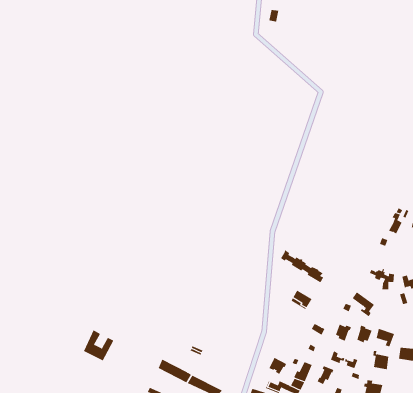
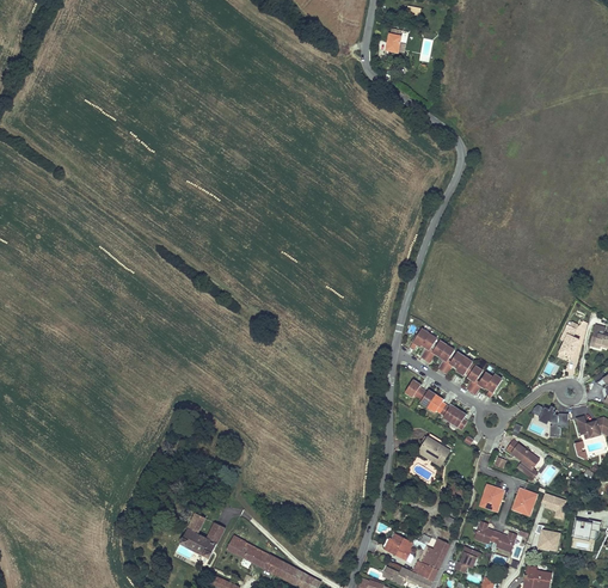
building: none -> [409,326,500,394]
building: [83,330,114,361] -> [180,512,225,557]

